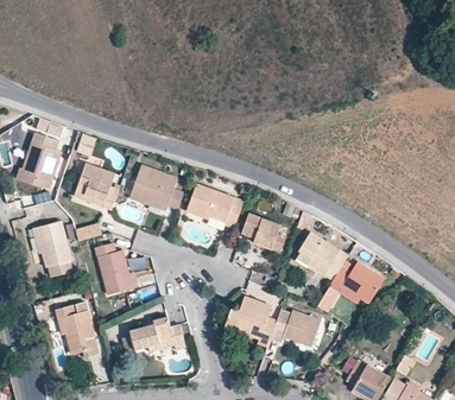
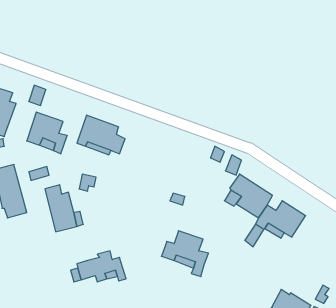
building: [187,183,244,228] -> none
building: [242,212,285,252] -> none
building: [56,301,99,356] -> none
building: [272,309,321,344] -> none

